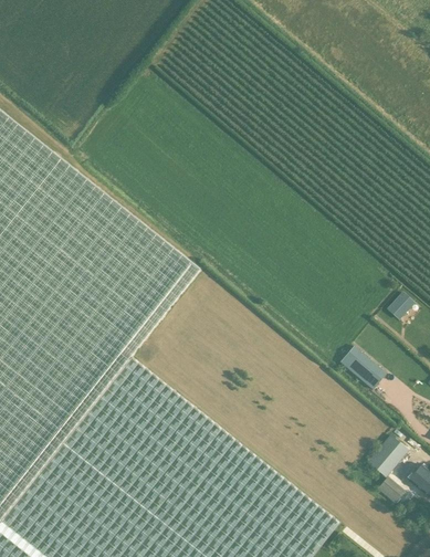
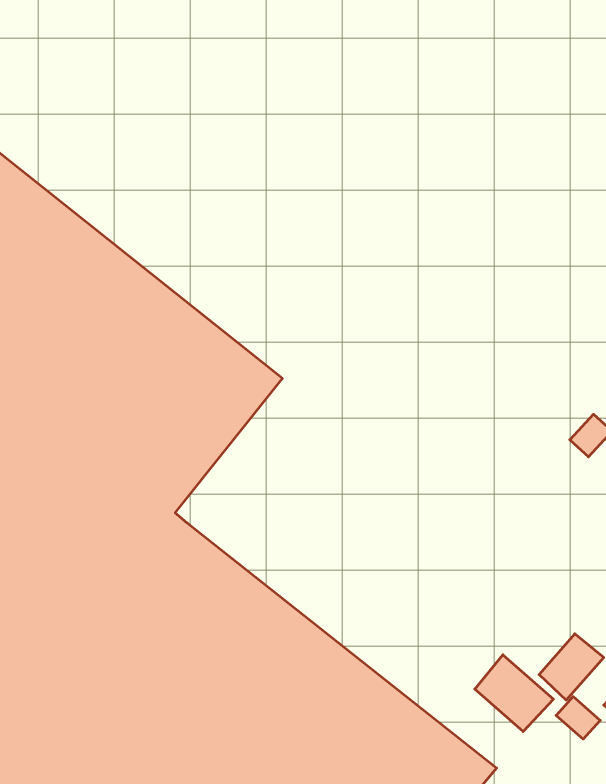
building: [340,347,386,390] -> none
building: none -> [475,655,553,732]

